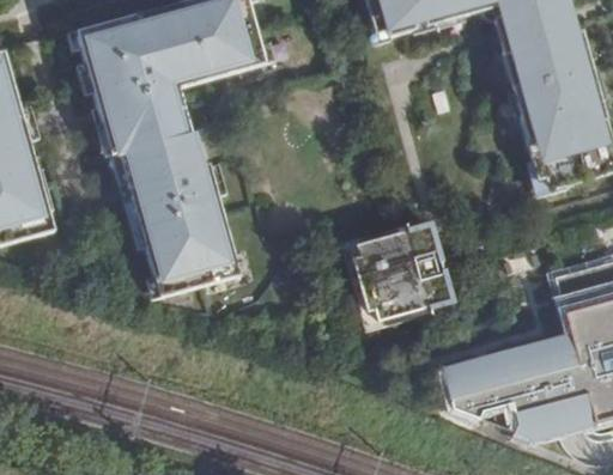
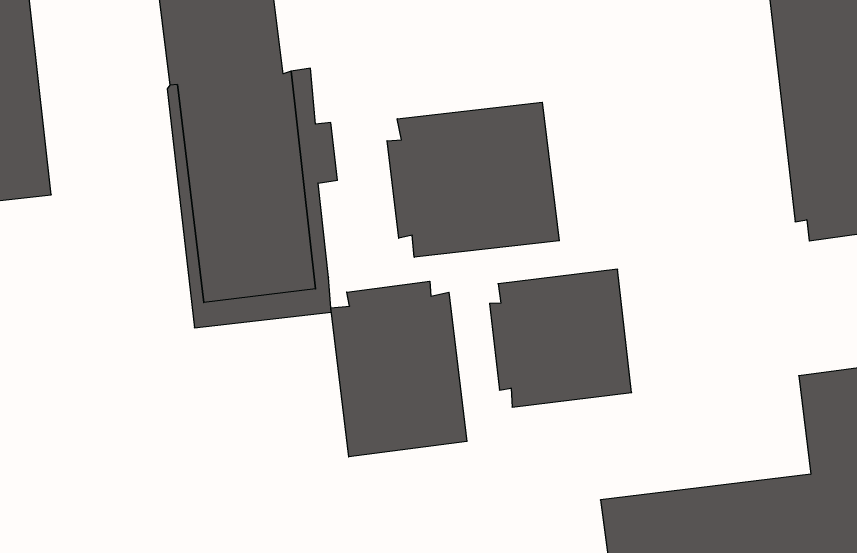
building: none -> [387,102,559,257]
building: none -> [331,281,467,457]

